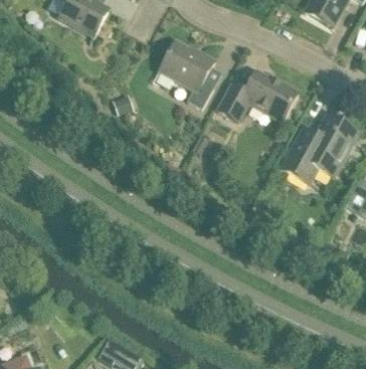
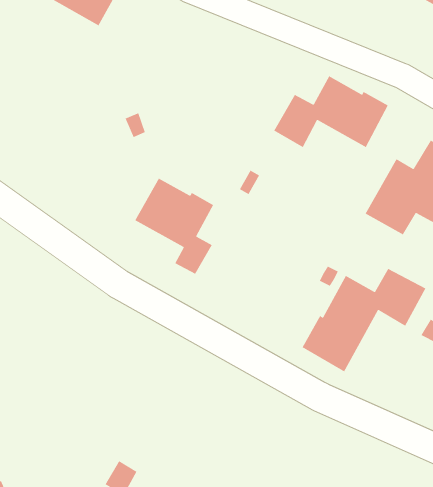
building: [158,40,214,109] -> [134,178,214,275]
building: none -> [302,268,426,373]

